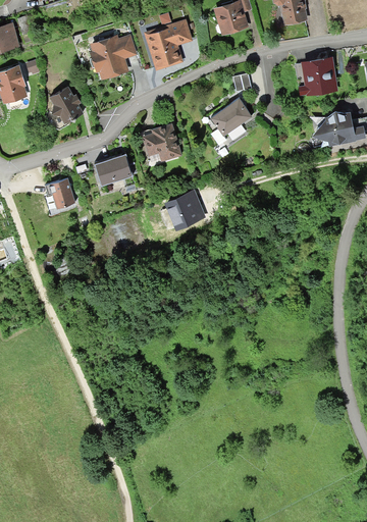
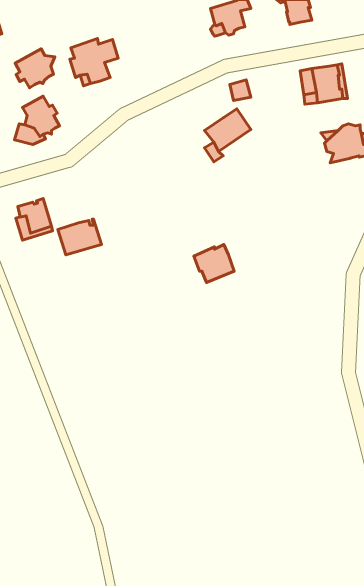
building: [148,23,189,64] -> none
building: none -> [15,49,55,88]
building: [144,125,180,160] -> none
building: [95,153,134,185] -> [58,219,101,255]
building: [167,193,203,226] -> [194,245,234,283]

